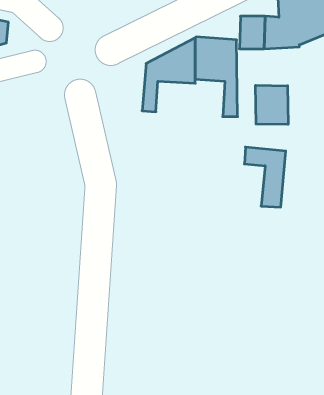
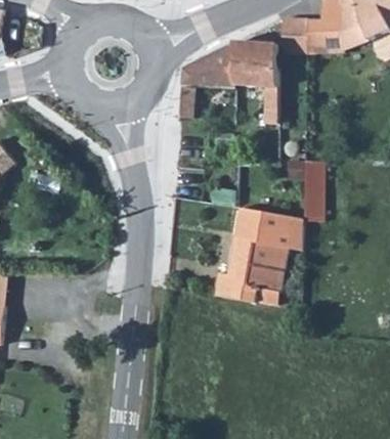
building: [256,85,288,124] -> none
building: none -> [213,207,304,304]

